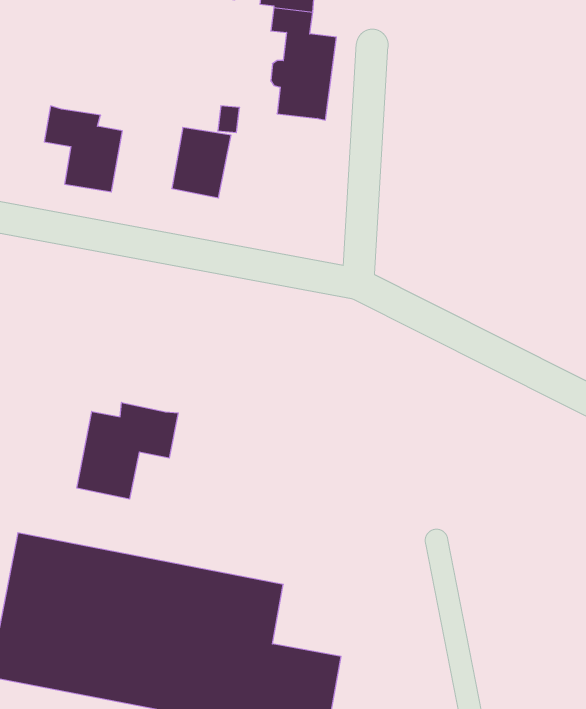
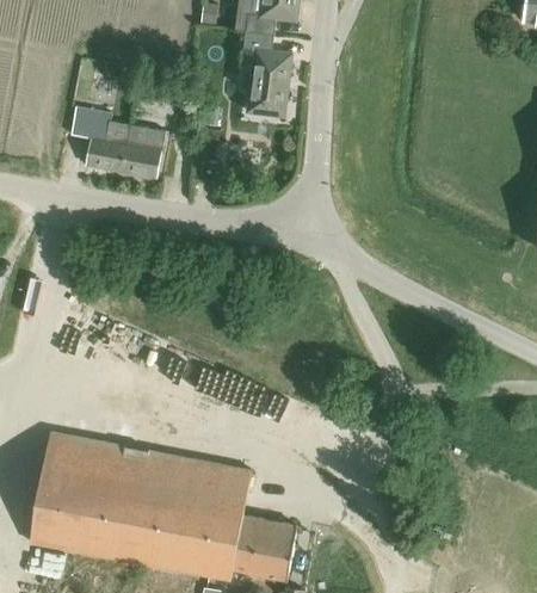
building: [172,127,231,198] -> [121,126,166,180]
building: [77,402,178,499] -> none

